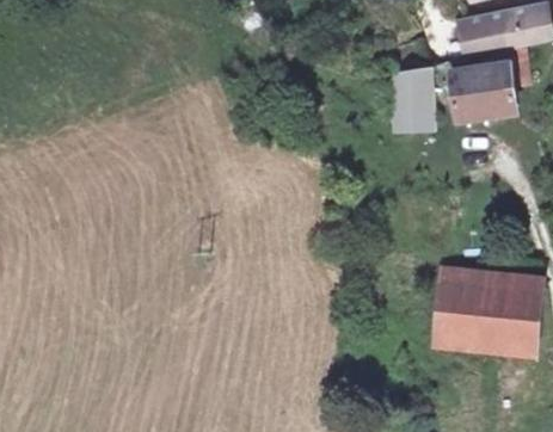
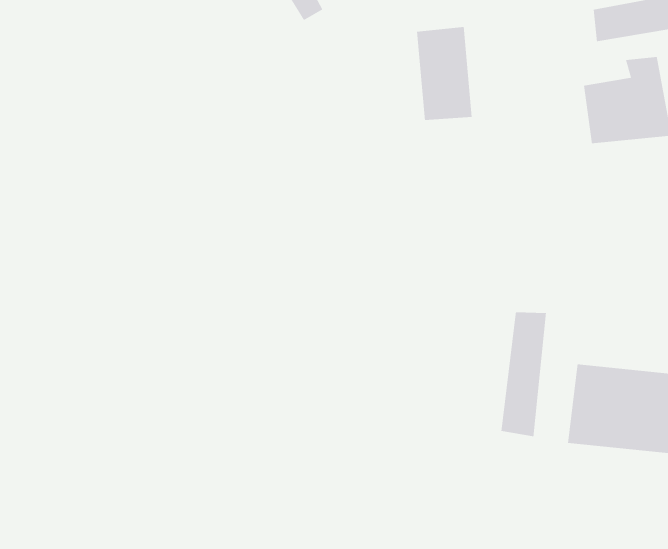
building: [391,68,432,137] -> [416,27,473,120]
building: none -> [501,311,547,437]

